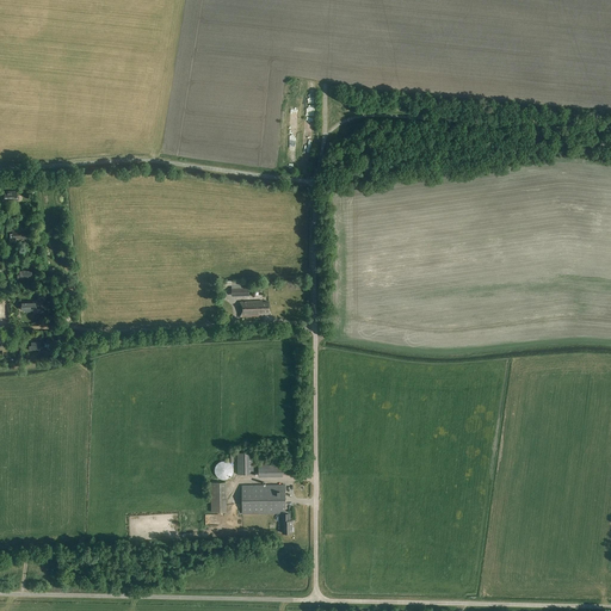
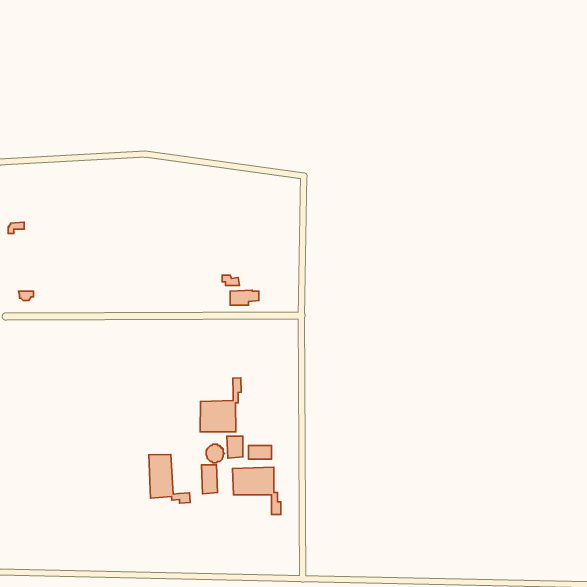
building: none -> [200,378,241,432]
building: none -> [149,454,190,503]

